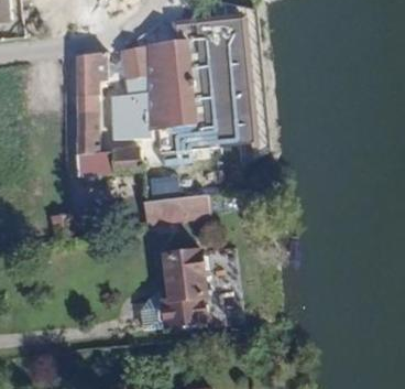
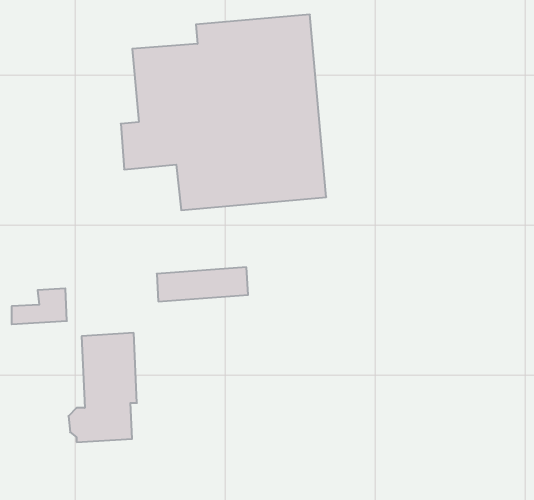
building: [74,51,142,175] -> none
building: [154,257,200,331] -> [68,333,137,442]

